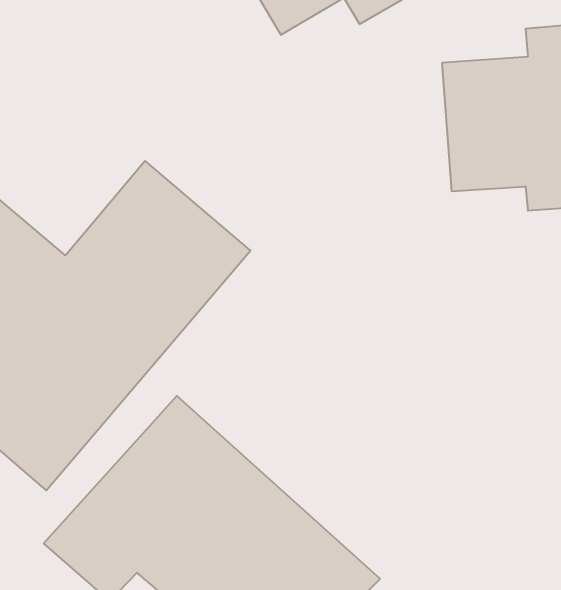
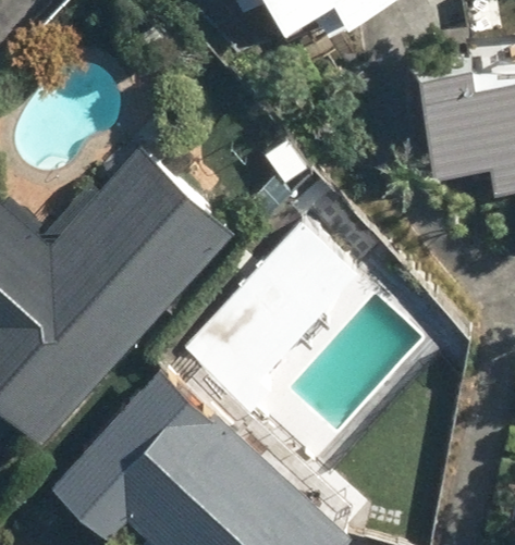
building: none -> [186,230,360,410]

